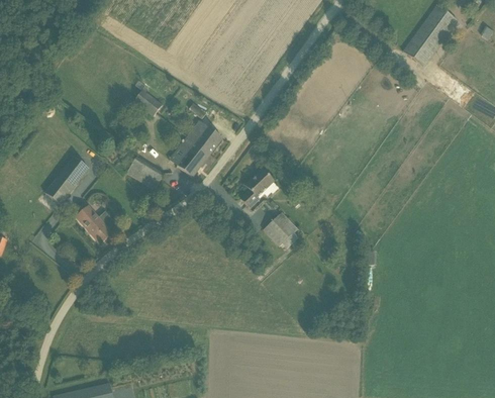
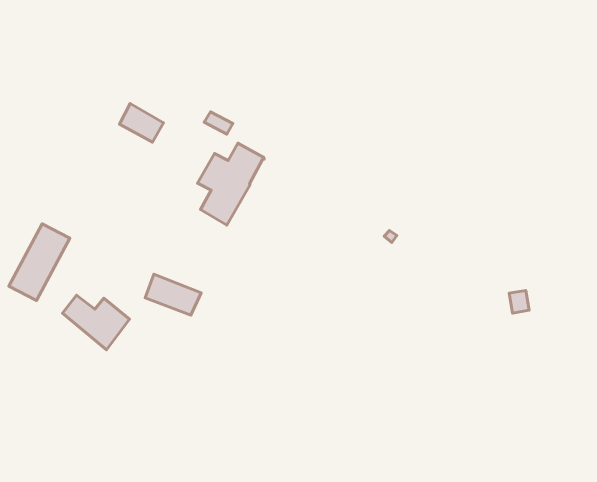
building: [126,158,163,188] -> [145,274,201,315]
building: [240,168,274,208] -> none
building: [263,212,298,247] -> none

